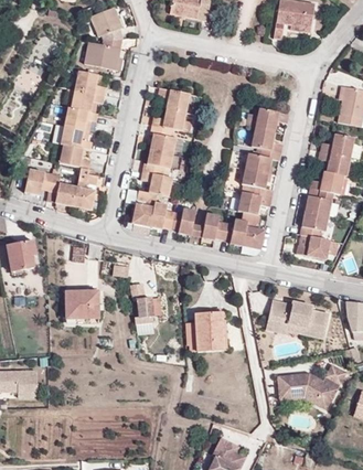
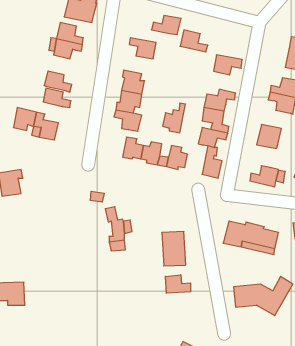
building: [64,108,97,131] -> none
building: [151,109,185,131] -> [151,15,181,35]
building: [250,127,282,152] -> [180,30,208,52]
building: [72,170,98,211] -> none
building: [310,172,343,194] -> none
building: [131,191,157,226] -> none
building: [222,212,248,246] -> [163,103,186,133]
building: [299,212,328,238] -> none
building: [65,291,98,319] -> none
building: none -> [166,275,190,293]

